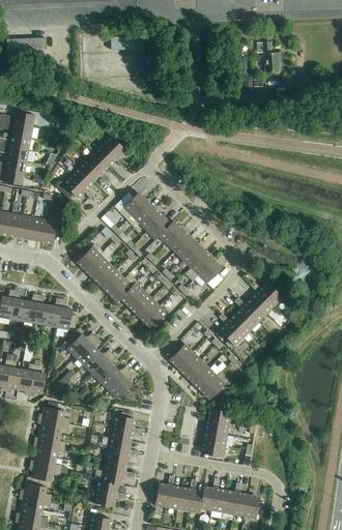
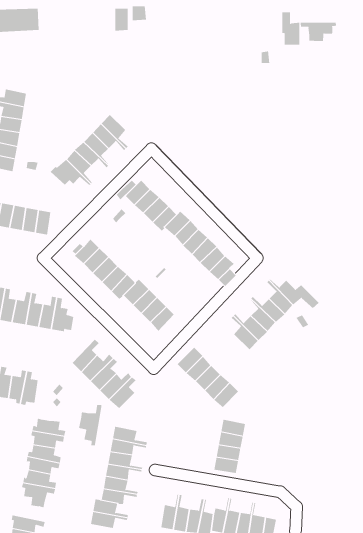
building: none -> [300,22,337,42]
building: [64,332,96,357] -> none
building: none -> [78,404,102,446]
building: [22,476,53,500] -> none

